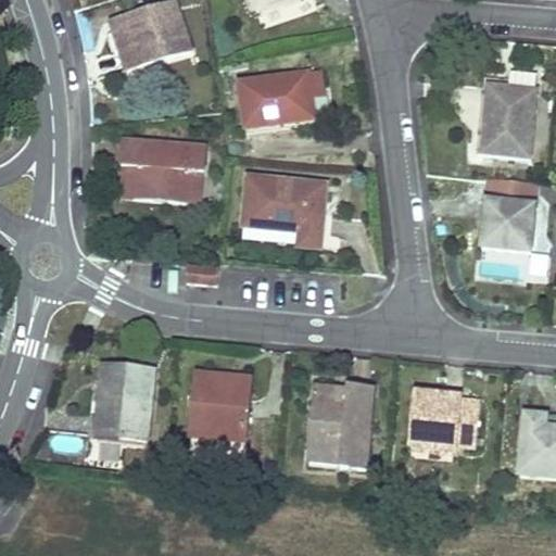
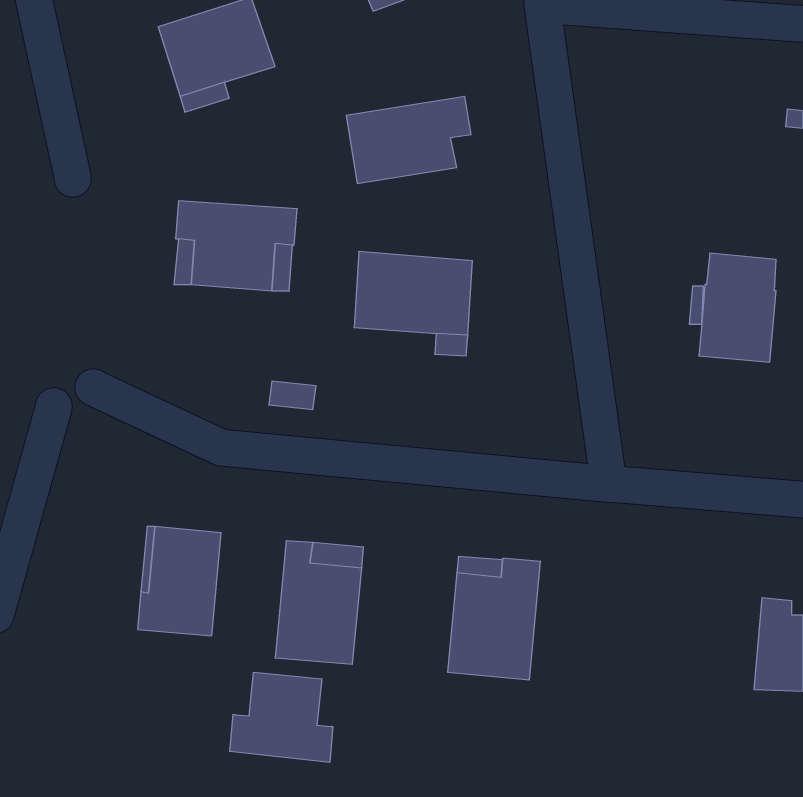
building: [481,67,535,155] -> none
building: [409,389,478,448] -> none
building: none -> [230,672,333,762]

